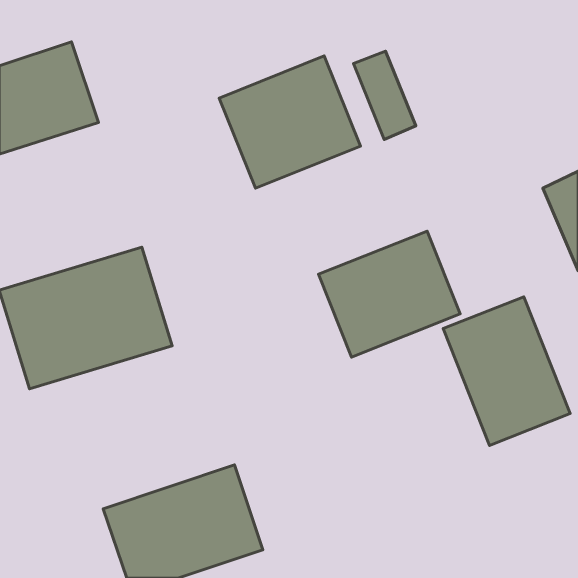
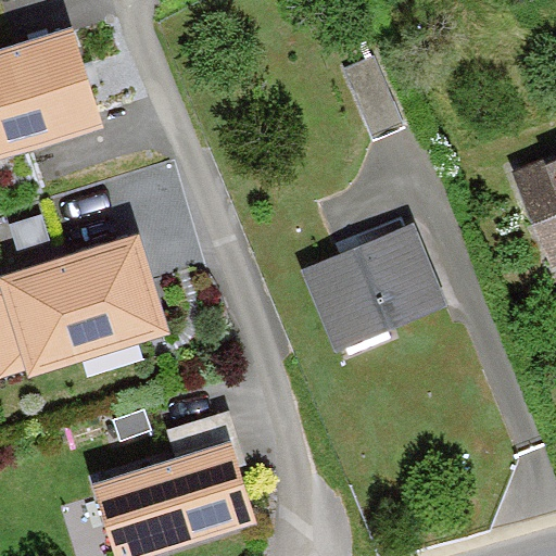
building: [219,56,360,188] -> none
building: [443,297,570,445] -> none

